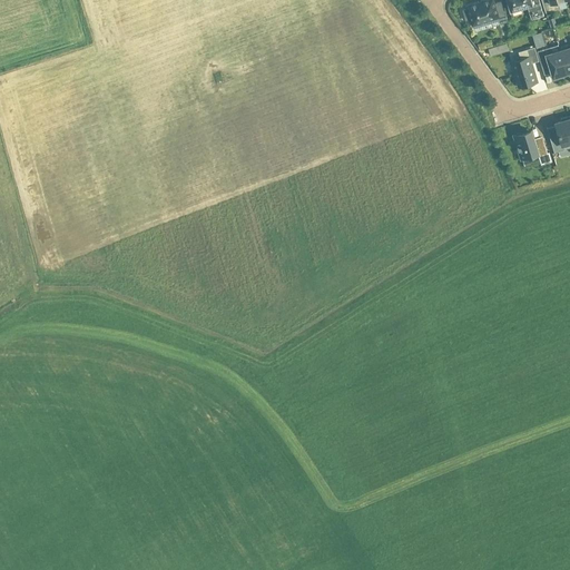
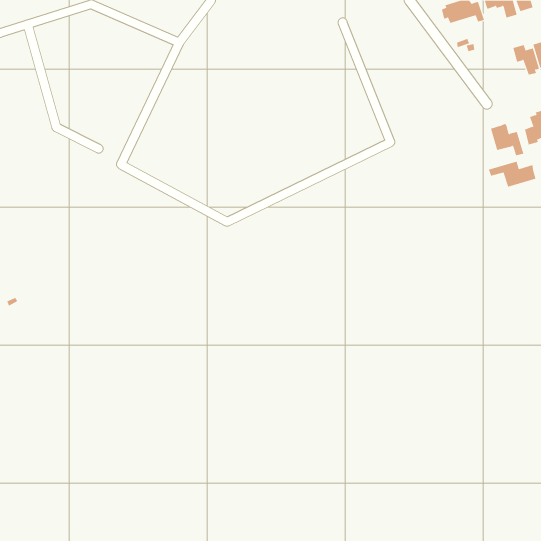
building: [512,50,539,88] -> none
building: none -> [488,161,536,187]

